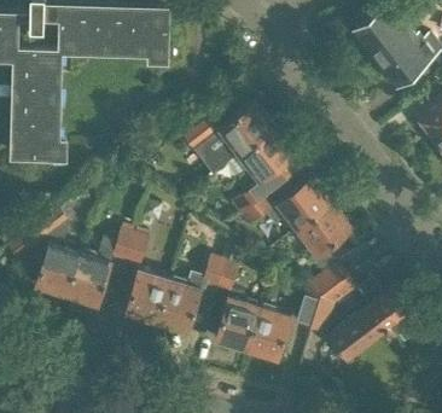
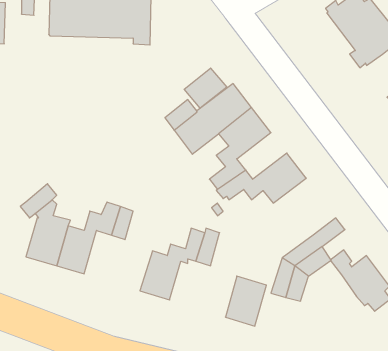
building: [13,51,65,159] -> none
building: none -> [184,68,227,108]
building: [297,204,351,273] -> none
building: [124,272,169,324] -> none
building: [215,299,258,351] -> none
building: [330,307,385,359] -> none

